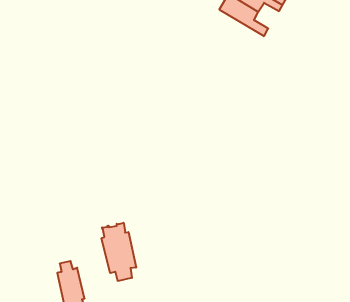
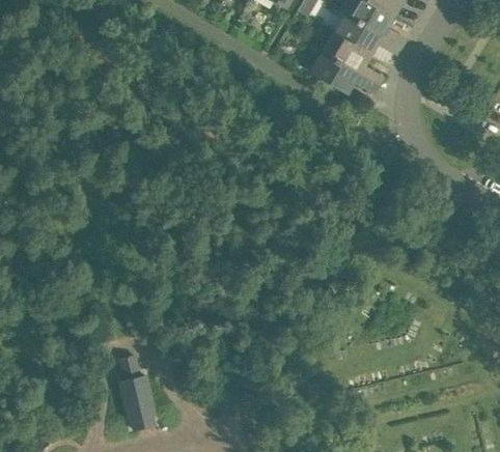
building: none -> [310,52,379,94]
building: [102,223,136,281] -> none

